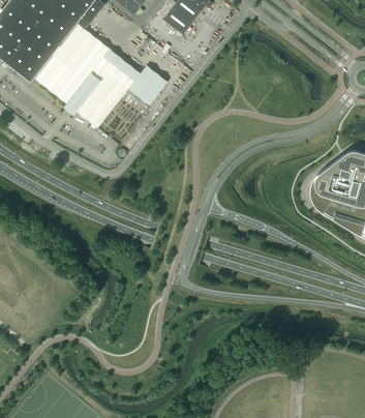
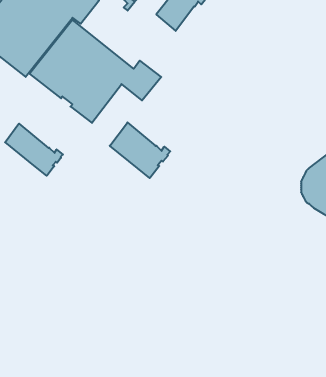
building: none -> [110,122,170,178]
building: none -> [5,124,63,176]

